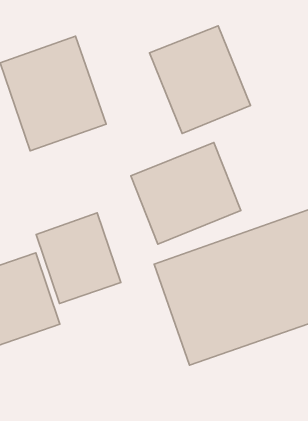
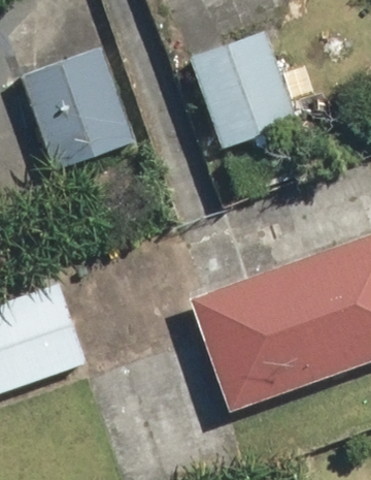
building: [131,142,241,244] -> none
building: [36,213,121,303] -> none

